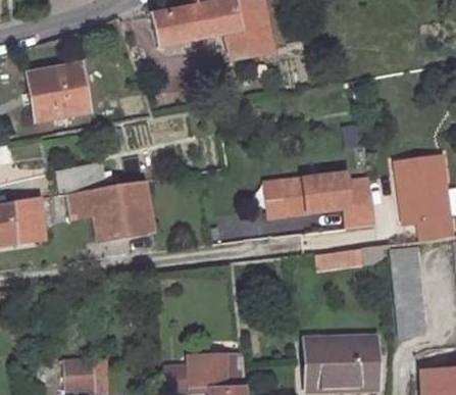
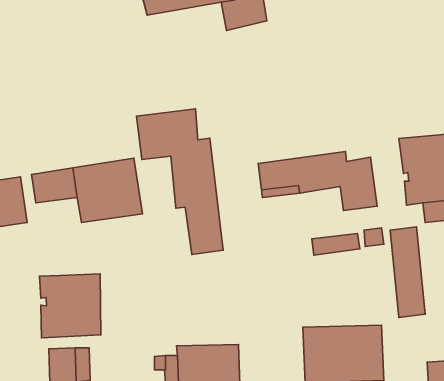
building: [30,63,90,120] -> none
building: none -> [136,109,223,254]
building: none -> [39,274,101,338]

